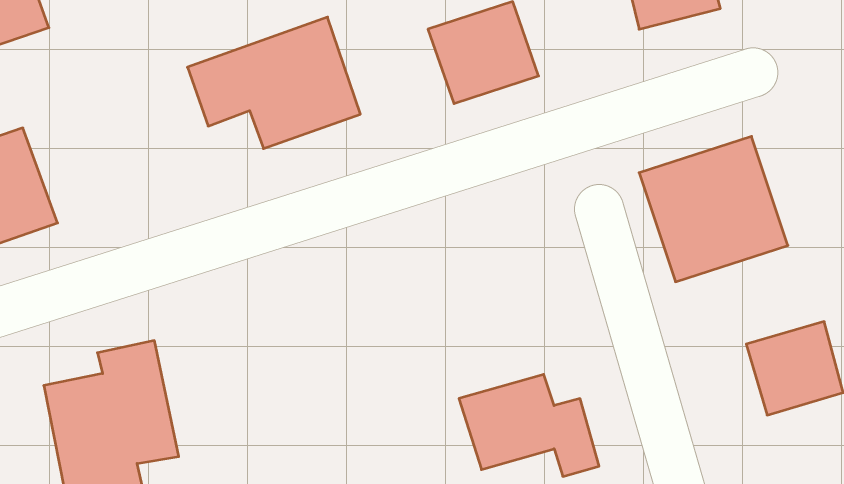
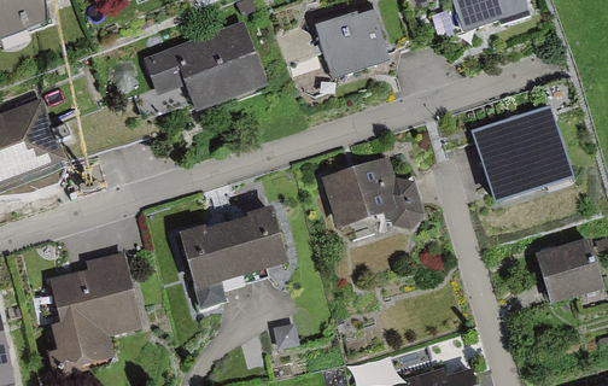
building: none -> [183,205,291,300]
building: [459,374,599,476] -> [326,157,423,228]

